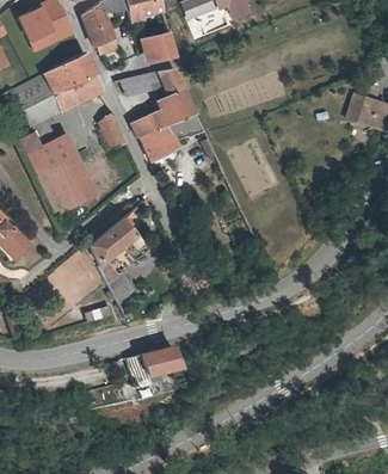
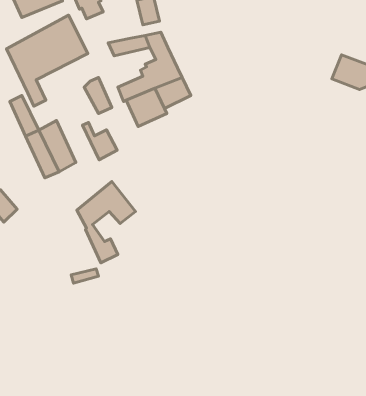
building: [36,128,70,165] -> [82,123,117,160]
building: [136,346,173,375] -> none

